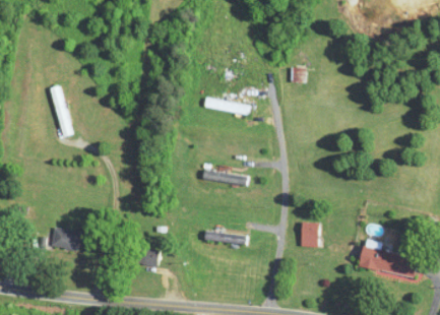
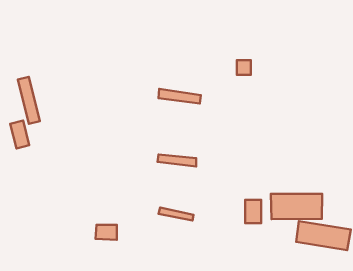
building: none -> [10,121,29,148]
building: none -> [271,194,322,219]
building: [51,227,79,250] -> none

